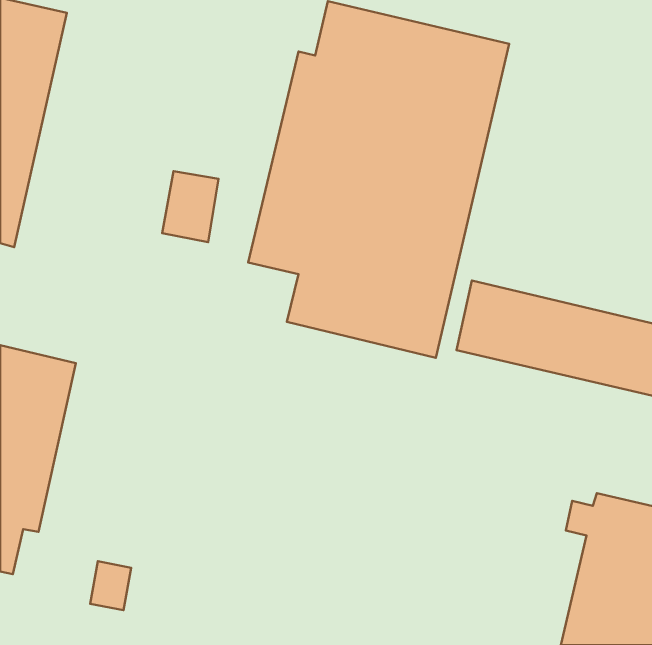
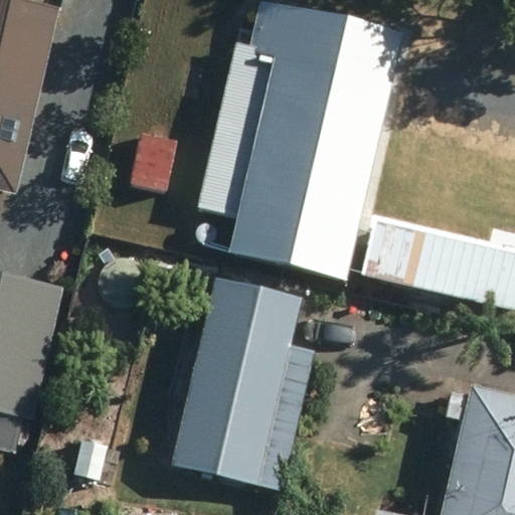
building: none -> [173,278,313,486]

